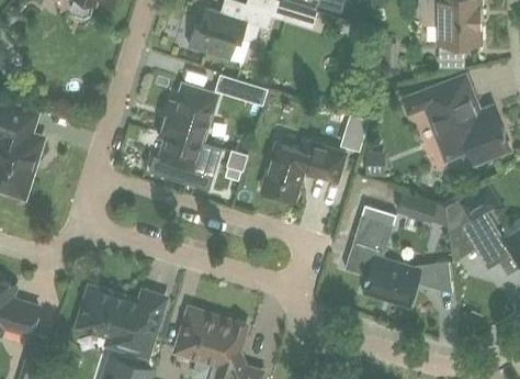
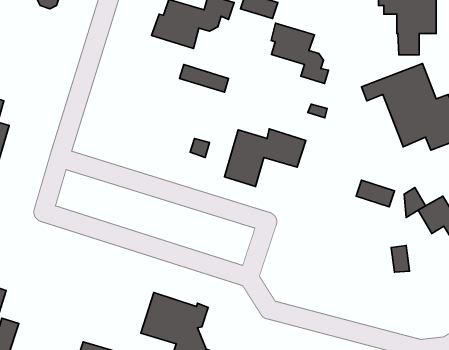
building: none -> [271,23,328,84]
building: [148,88,222,190] -> none
building: [343,216,421,309] -> none
building: [78,287,163,355] -> none

